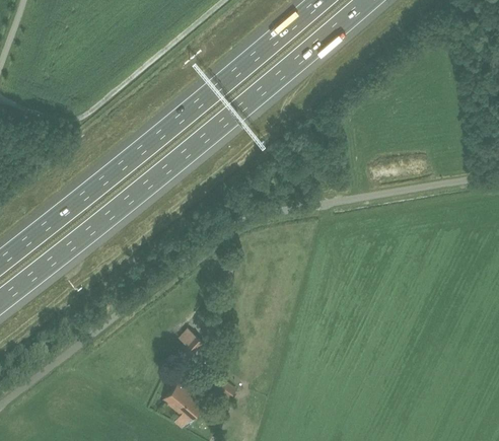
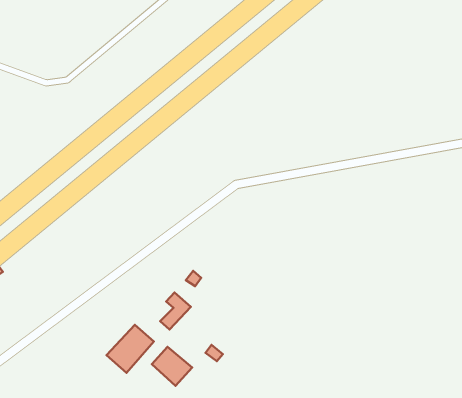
building: none -> [106,325,154,373]

